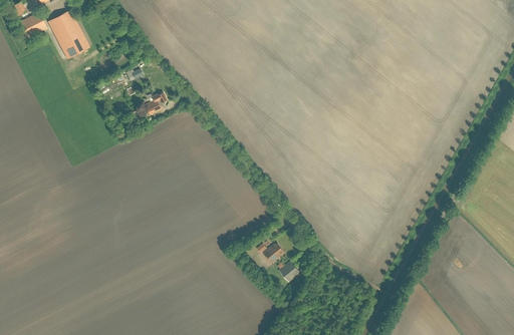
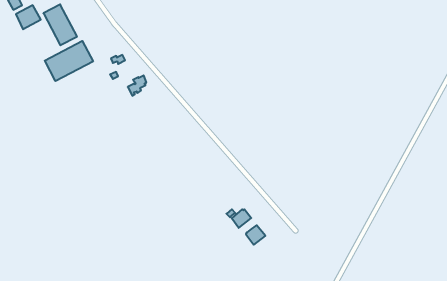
building: none -> [45,41,93,81]

